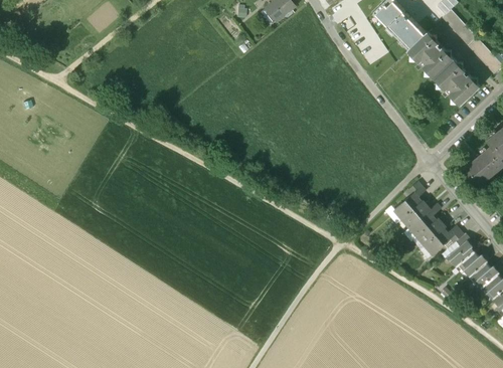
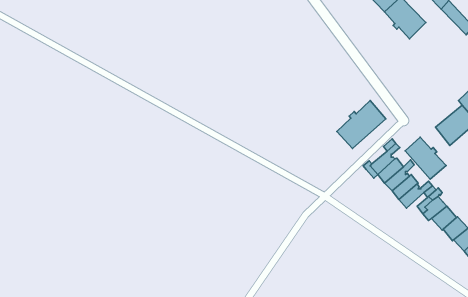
building: [436,60,480,105] -> none
building: none -> [337,101,386,149]
building: none -> [405,137,446,179]

